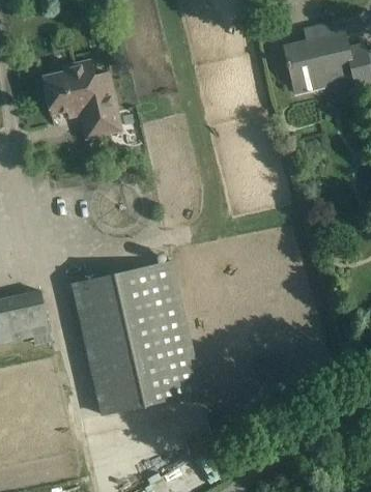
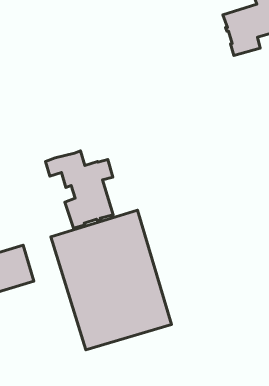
building: [42,60,121,137] -> none
building: none -> [46,151,113,228]

